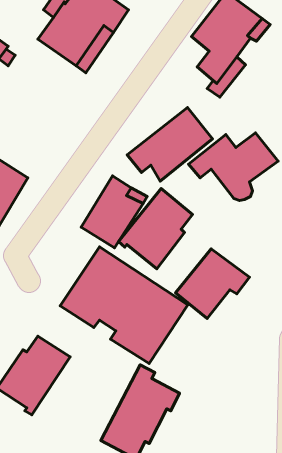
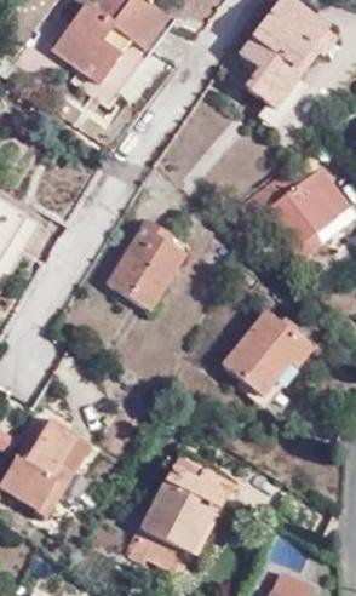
building: [127,107,212,181] -> none
building: [119,188,193,269] -> none
building: [60,247,188,364] -> none

